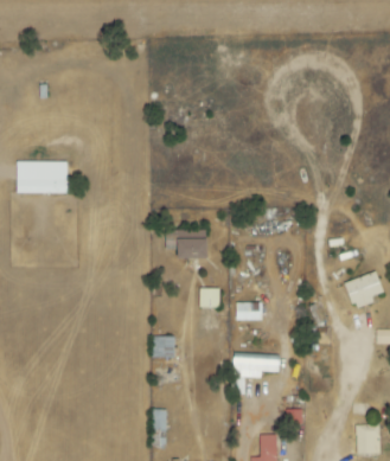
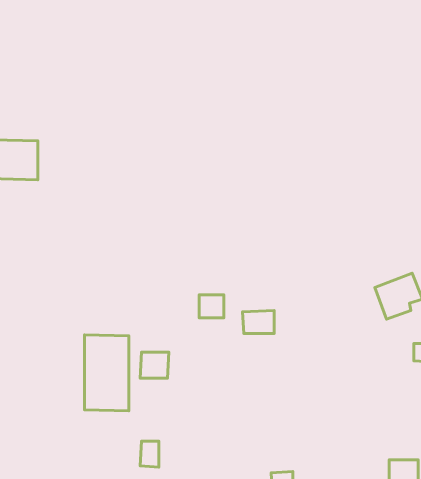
building: [177,230,207,258] -> none
building: none -> [85,335,129,411]
building: [234,352,280,377] -> none

